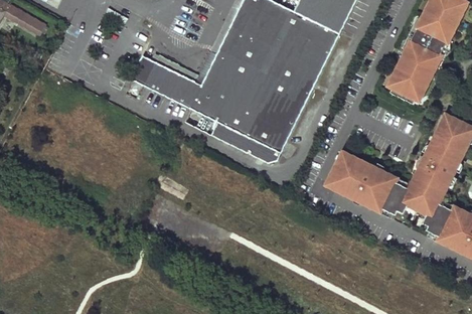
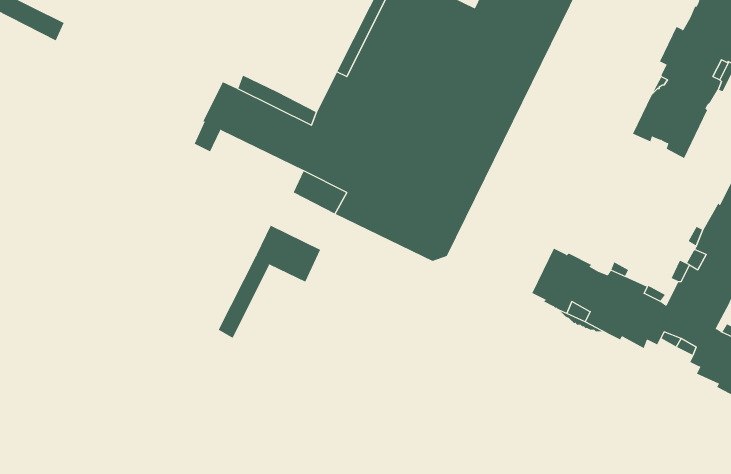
building: none -> [218,225,321,339]

